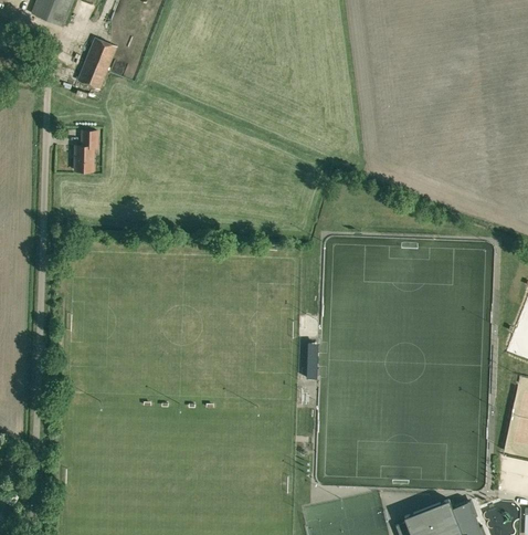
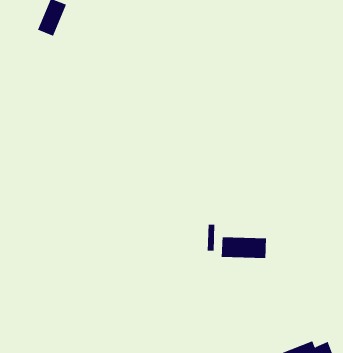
building: [75,133,97,172] -> none
building: none -> [221,237,267,259]

